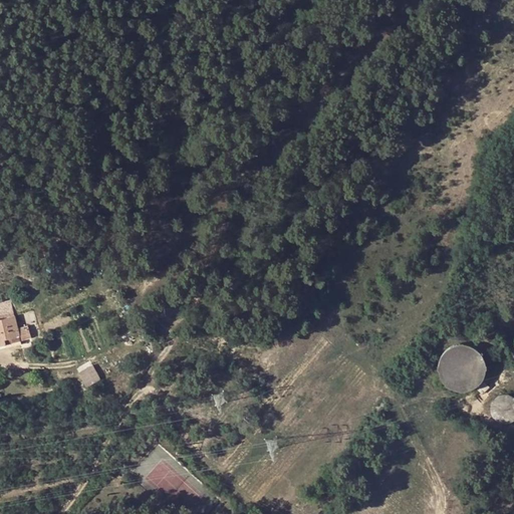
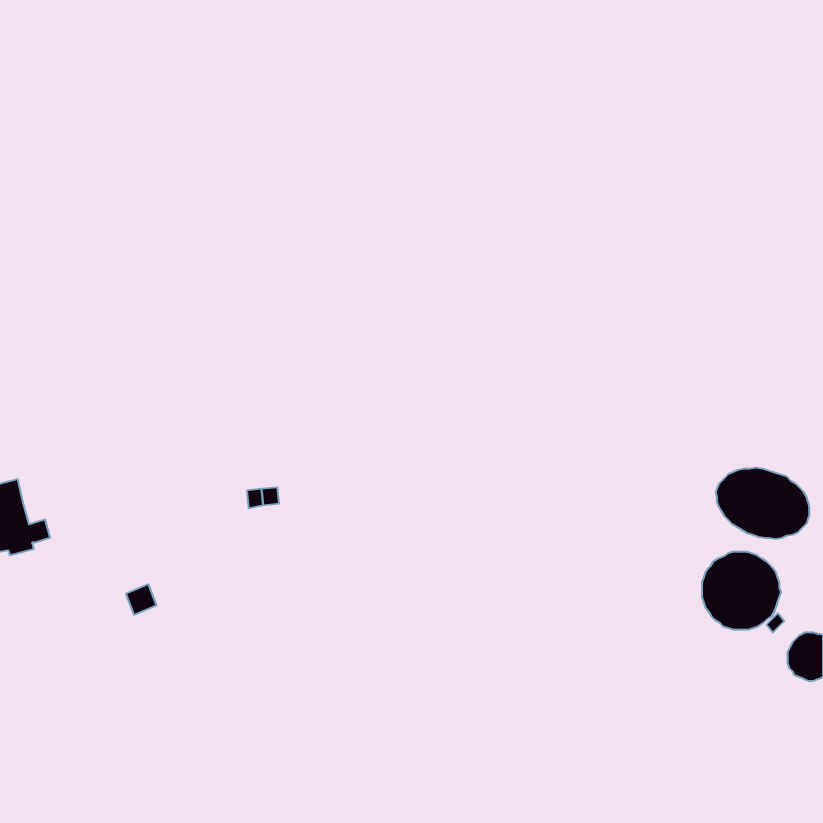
building: none -> [716,467,809,539]

